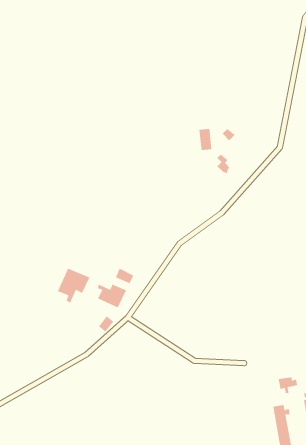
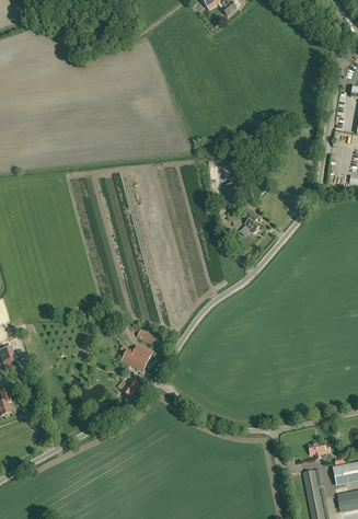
building: [57,268,90,304] -> none

